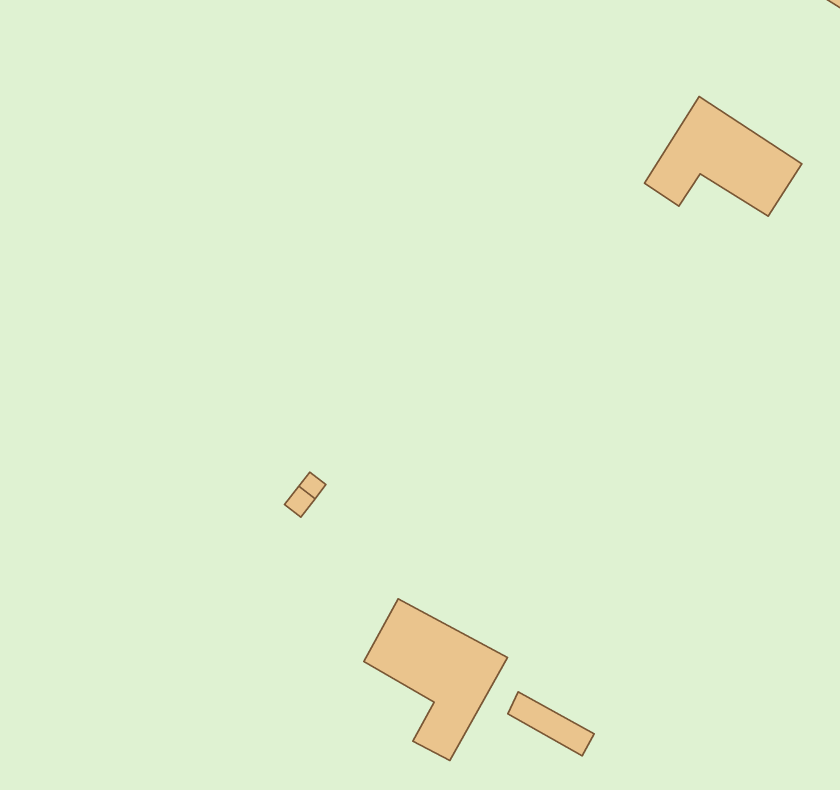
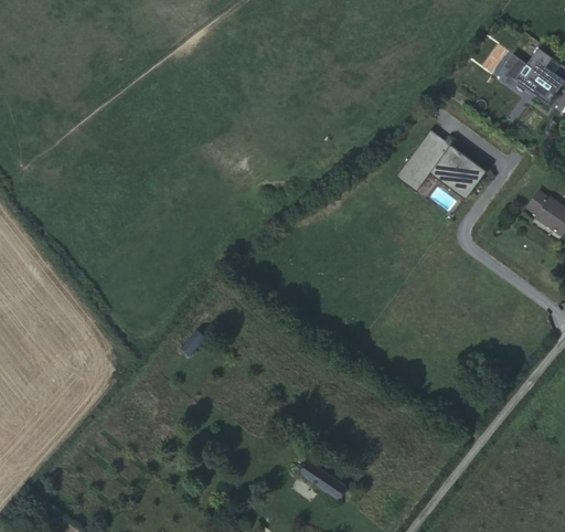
building: [364,599,507,760] -> none

